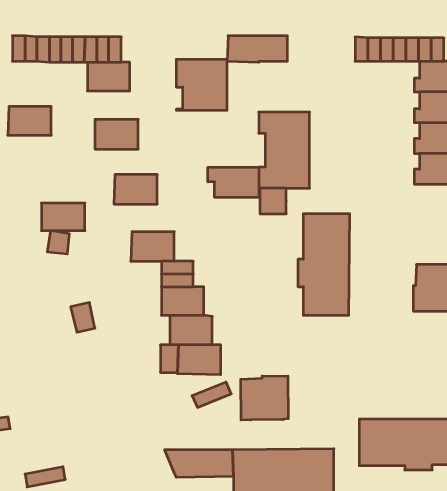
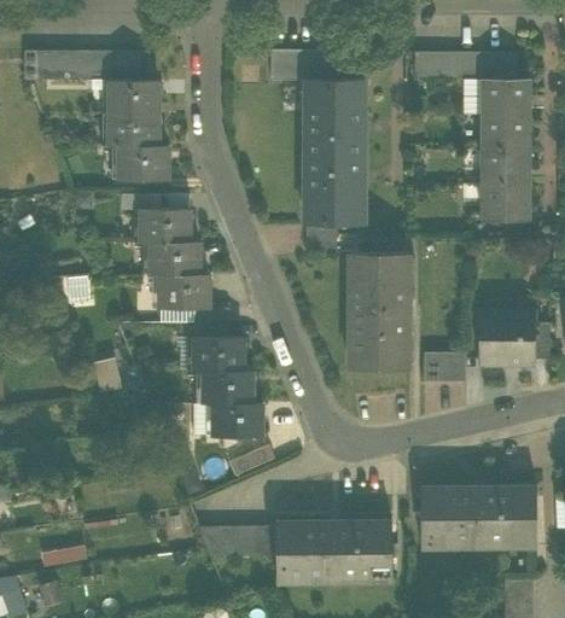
building: [176,59,227,110] -> [305,80,363,138]
building: [8,107,51,135] -> [109,113,158,146]
building: [208,167,259,197] -> none
building: [41,203,85,231] -> [150,243,199,274]
building: none -> [425,352,466,381]
building: [241,376,288,420] -> none

